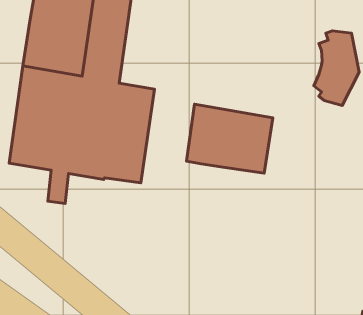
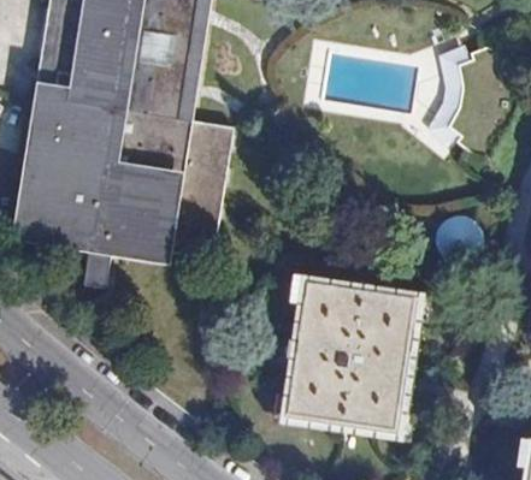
building: [186,104,273,173] -> none
building: none -> [273,269,408,423]

